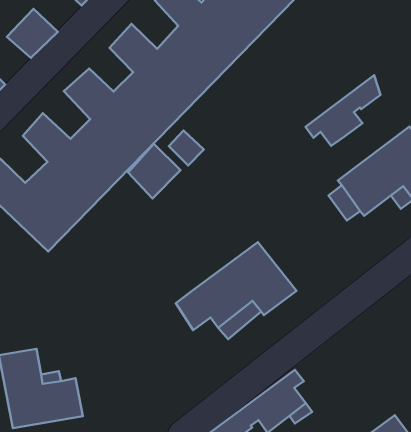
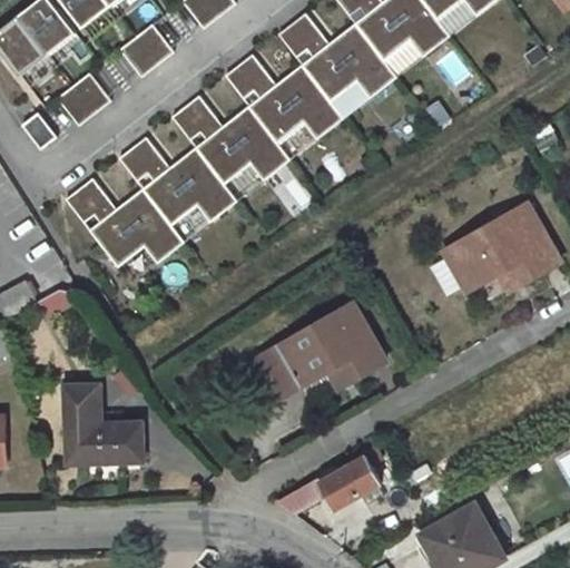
building: [306,75,381,146] -> none
building: [128,144,180,199] -> none

